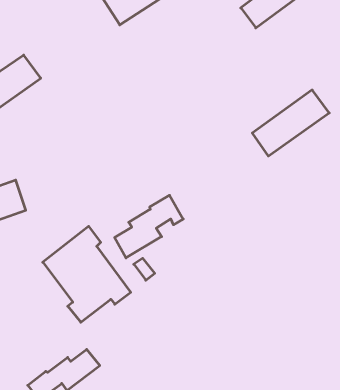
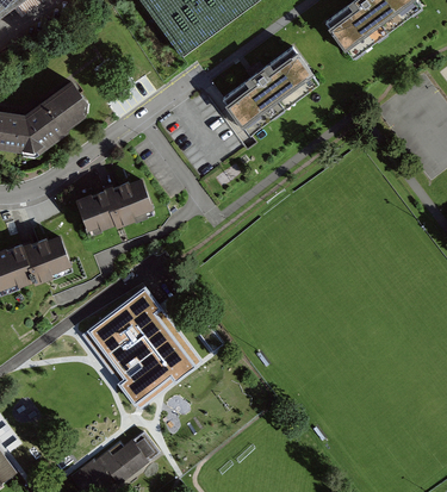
building: [252,90,329,156] -> [219,49,311,127]
building: none -> [80,178,151,231]
building: [115,195,183,258] -> none

